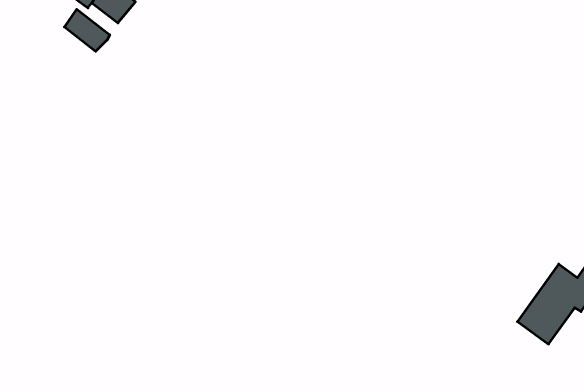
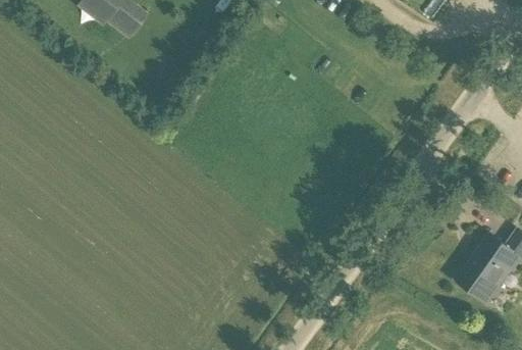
building: [64,9,110,51] -> none

